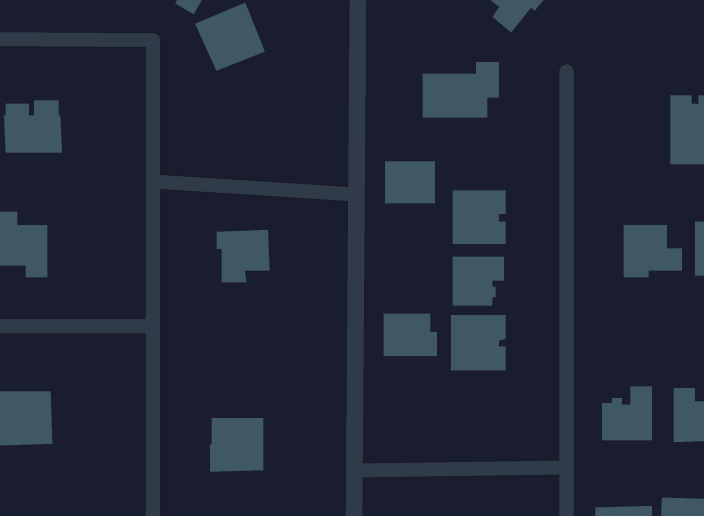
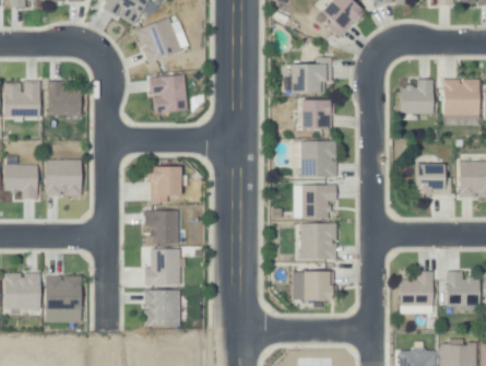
building: none -> [149,74,187,115]
building: none -> [400,80,434,120]
building: none -> [50,81,81,115]
building: [384,161,436,204] -> [300,101,334,129]
building: none -> [44,160,80,196]
building: none -> [143,211,177,244]
building: [383,313,438,356] -> [303,273,339,302]
building: none -> [142,248,180,285]
building: none -> [44,275,80,322]

